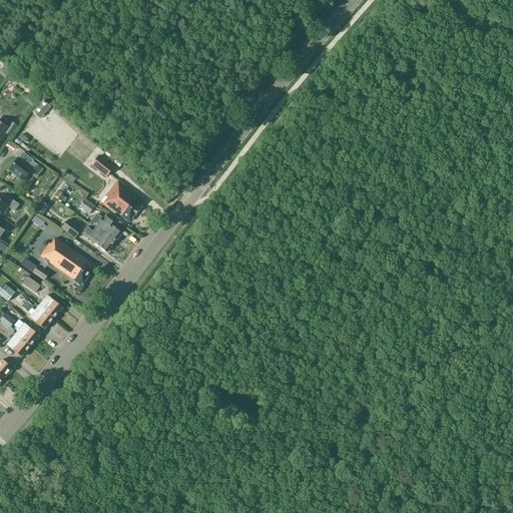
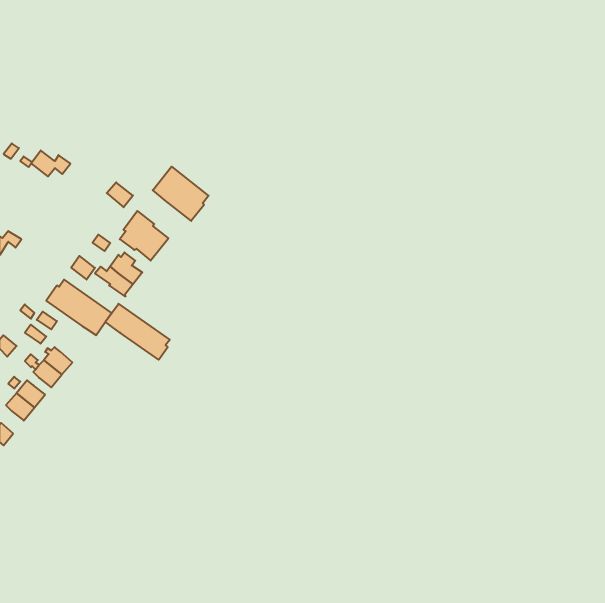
building: none -> [153,167,209,221]
building: [8,156,41,178] -> [31,150,70,176]
building: none -> [105,304,170,360]

